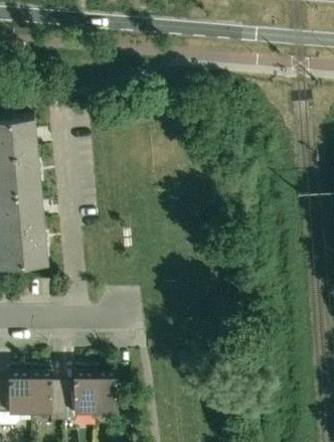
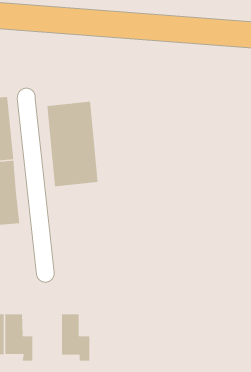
building: none -> [47,101,99,187]
building: [62,367,95,423] -> none

